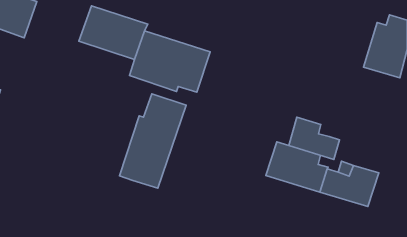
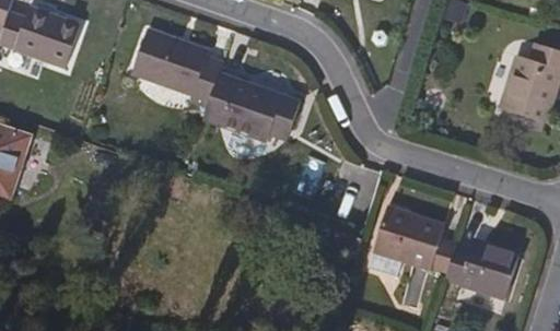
building: [119,94,186,188] -> none
building: [289,117,340,159] -> none

